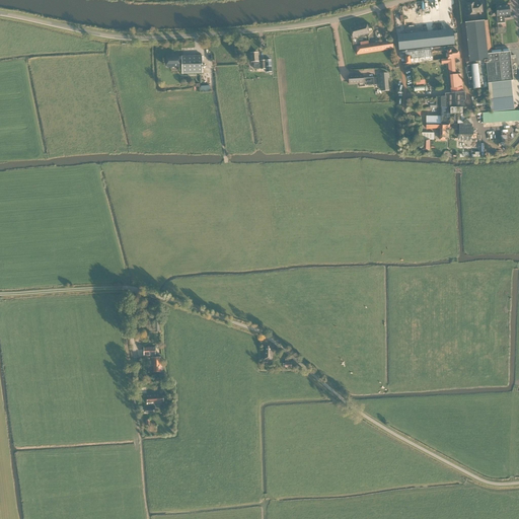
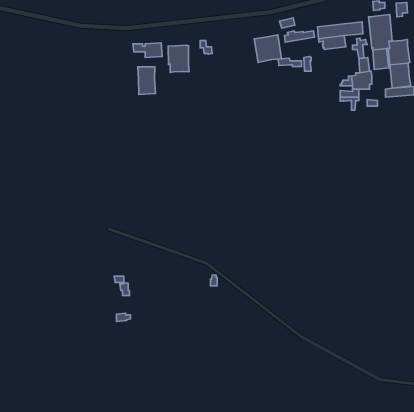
building: none -> [254,35,281,63]
building: none -> [168,45,189,72]
building: none -> [138,67,156,94]

